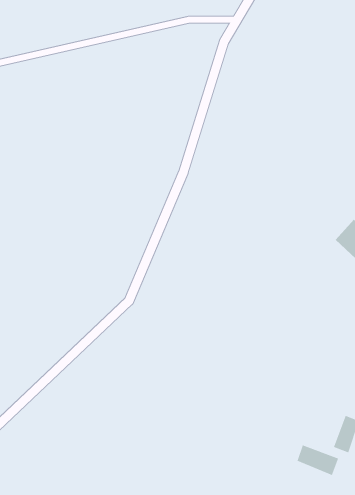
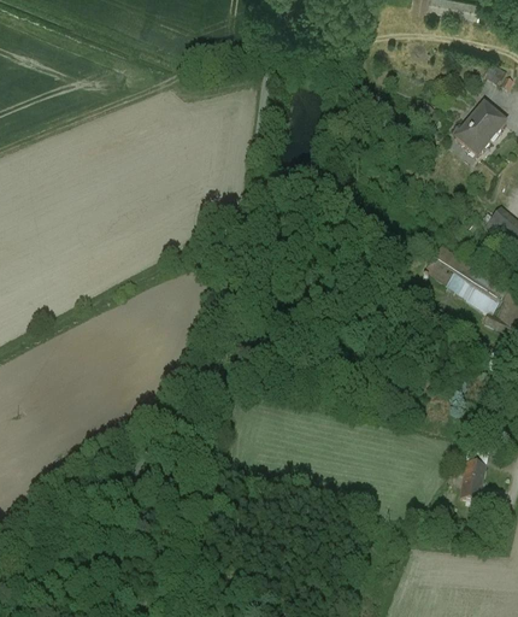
building: [297,445,339,476] -> none

